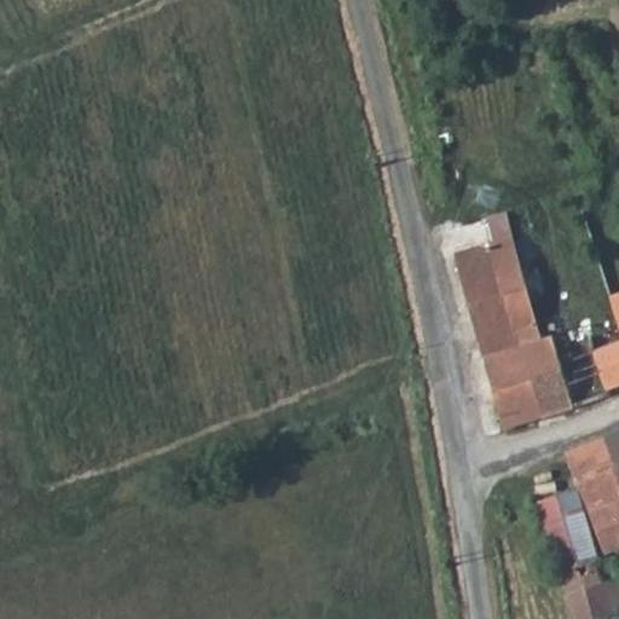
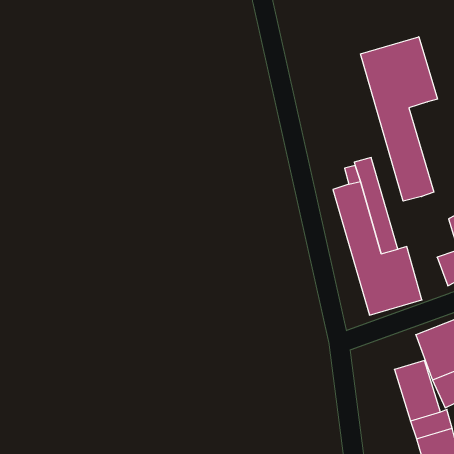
building: none -> [361,37,437,201]

